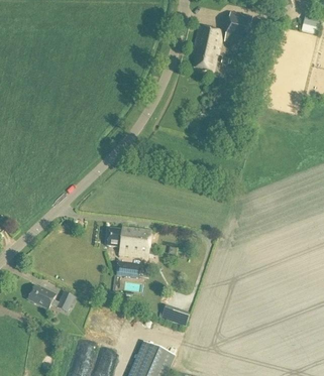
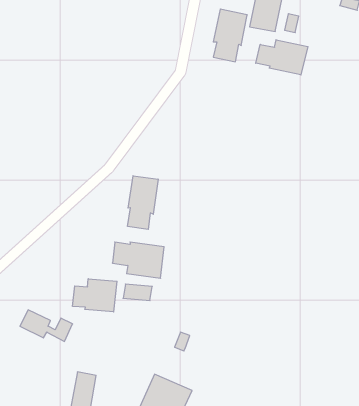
building: none -> [256,40,308,75]
building: none -> [128,176,158,229]
building: none -> [73,279,117,312]

